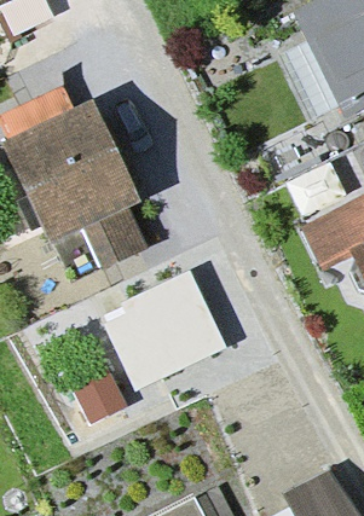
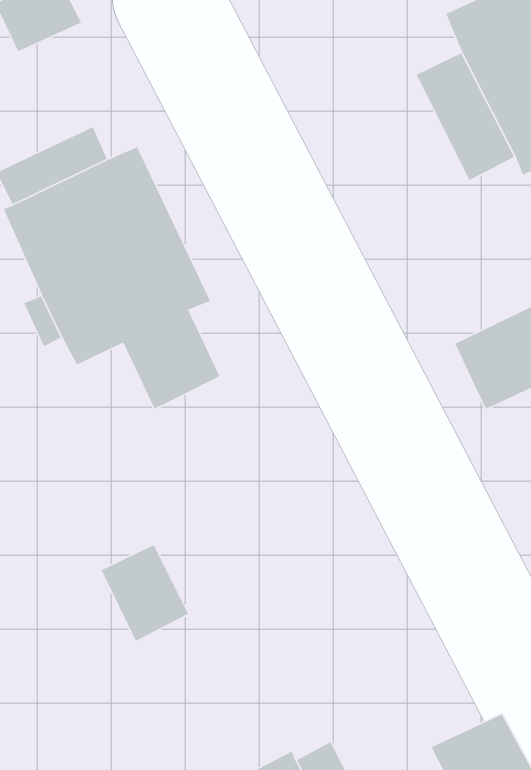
building: [102,271,226,389] -> none

